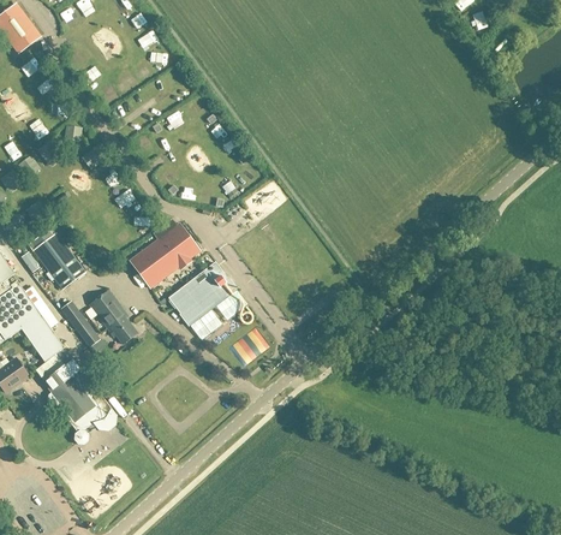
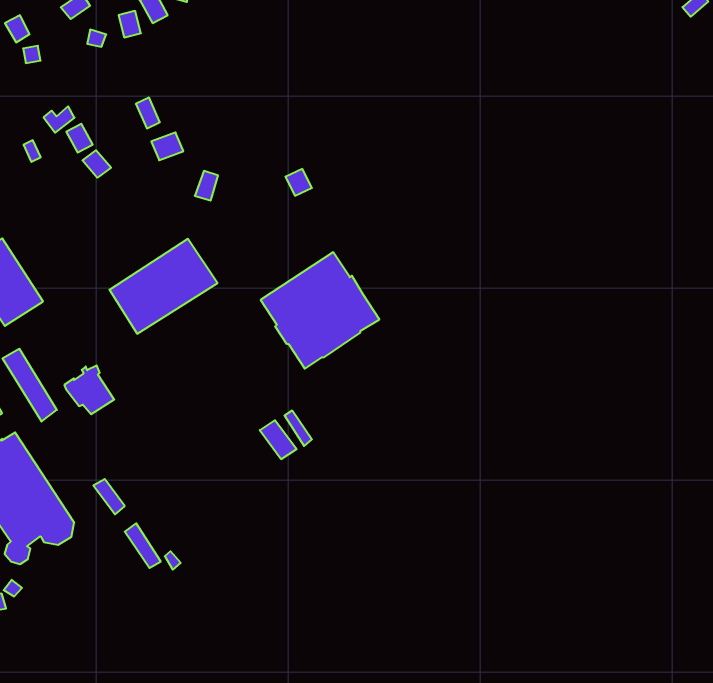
building: [168,262,247,340] -> [261,252,379,369]
building: [88,290,124,325] -> none

